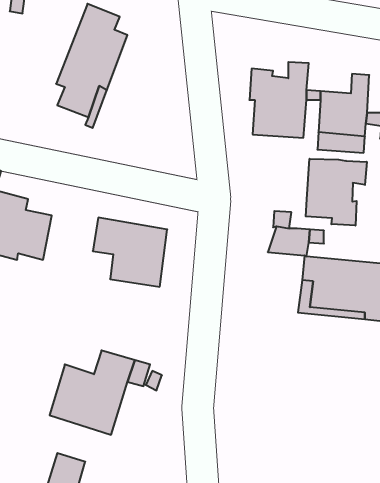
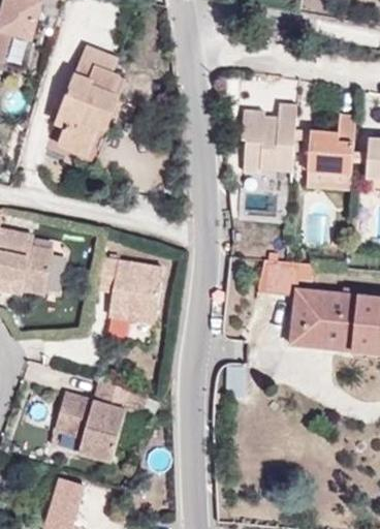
building: [306,159,367,226] -> none

